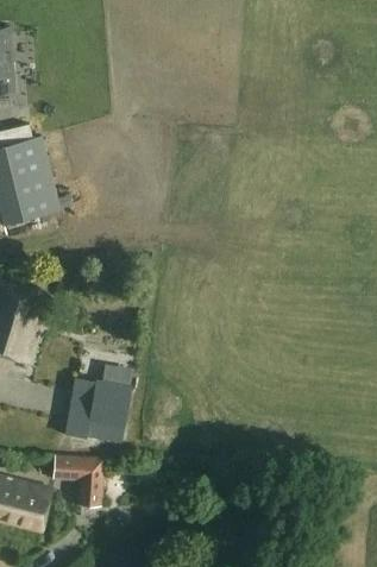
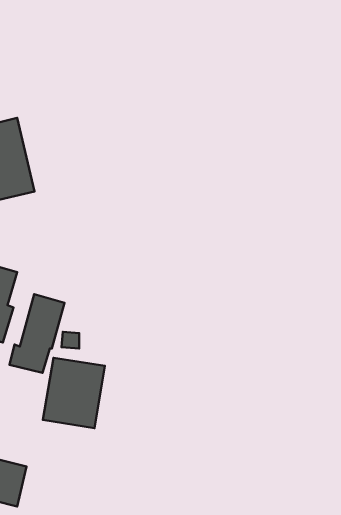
building: none -> [10,294,65,373]
building: [52,454,103,506] -> none

